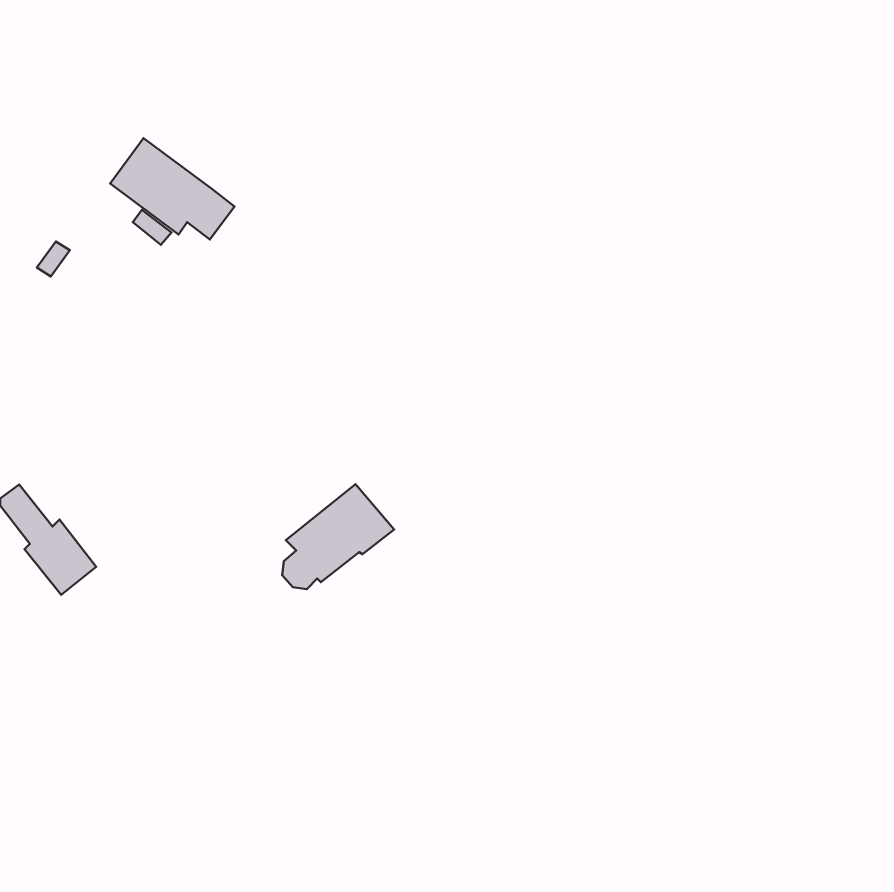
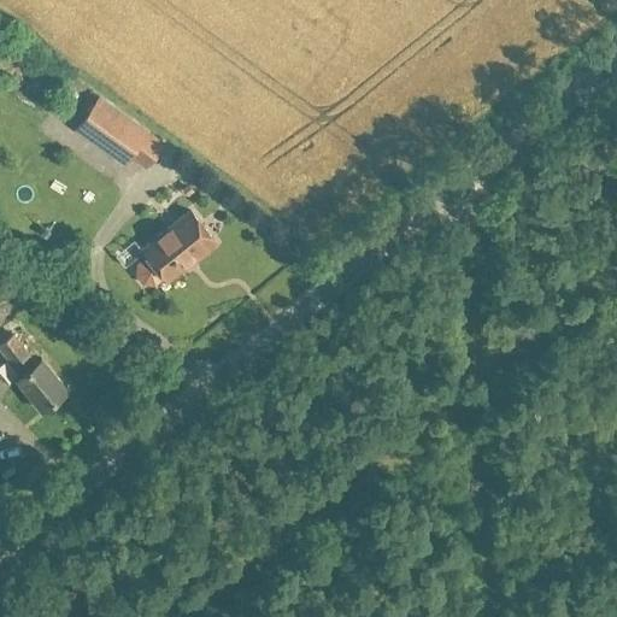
building: [282,484,394,589] -> [140,212,217,284]

